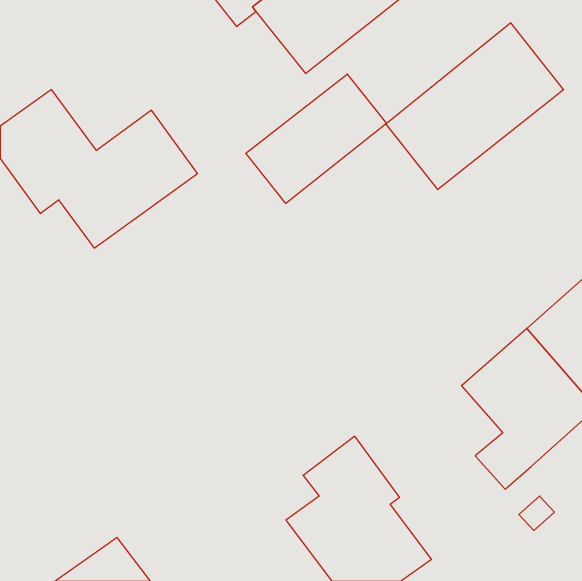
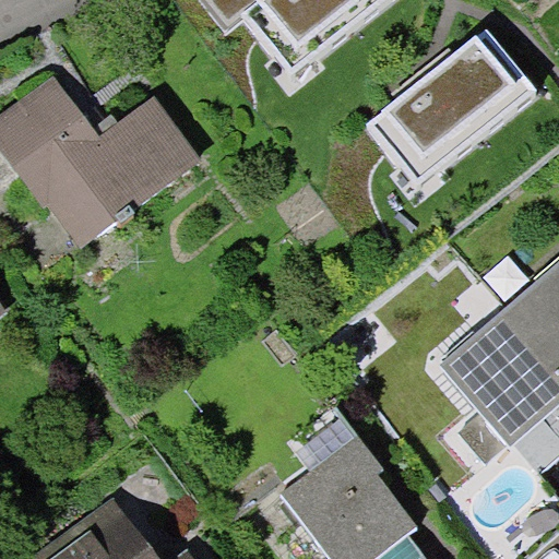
building: [246,74,387,203] -> none

